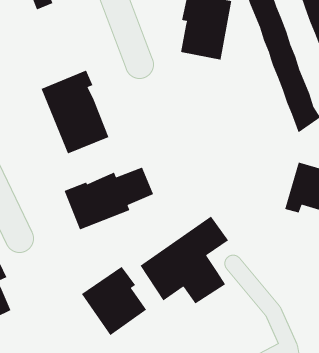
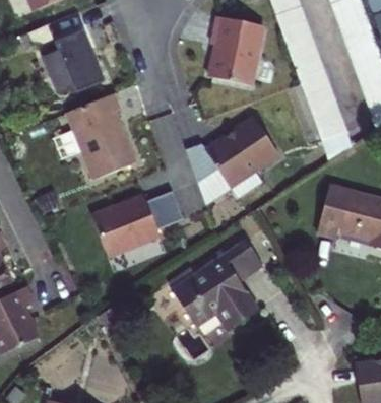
building: none -> [44,29,105,92]
building: none -> [187,117,279,187]
building: [81,266,147,336] -> none

